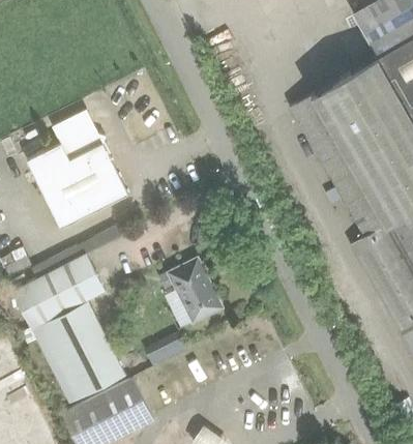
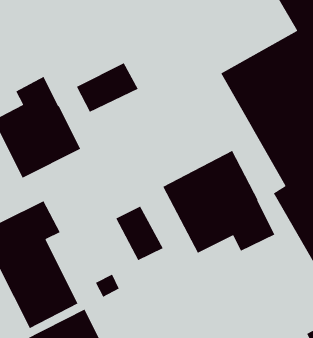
building: none -> [76,62,139,113]
building: none -> [162,150,276,254]

